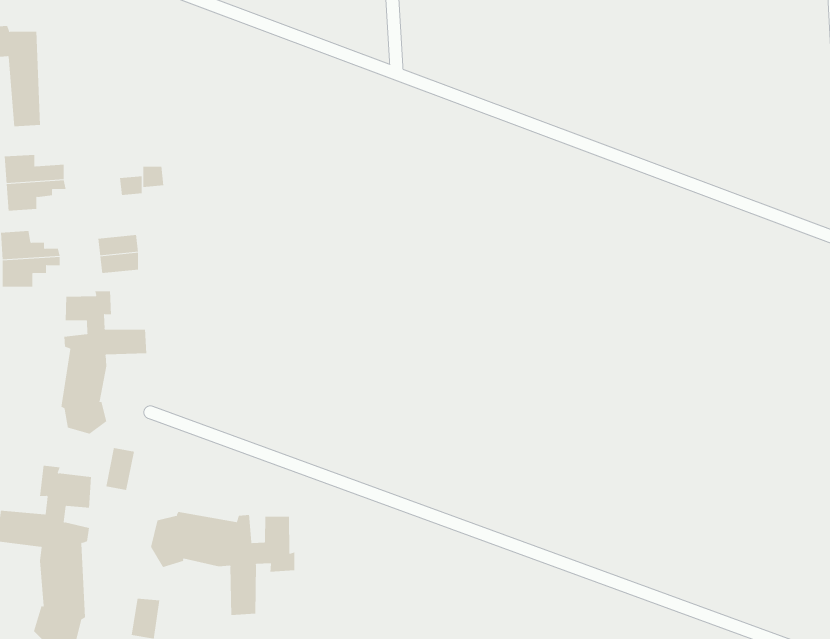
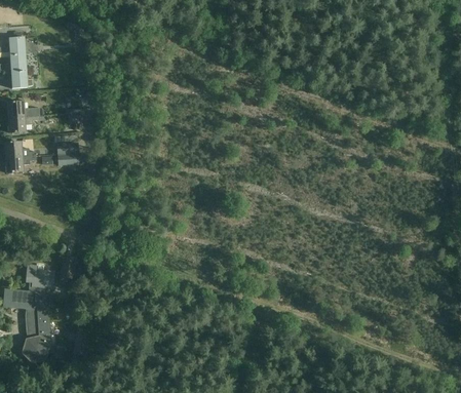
building: [61,290,147,435] -> none
building: [151,511,295,616] -> none

